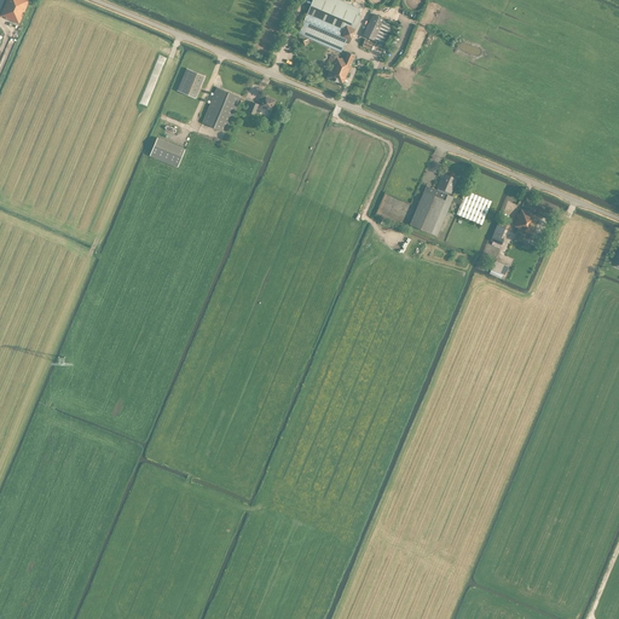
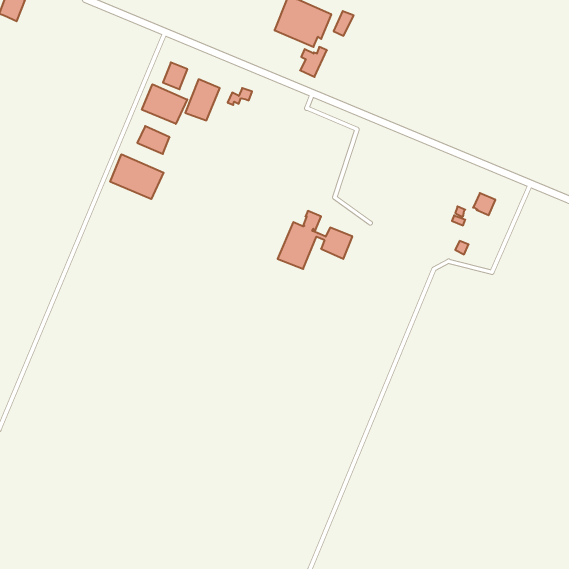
building: none -> [142,84,187,124]
building: none -> [110,154,164,199]
building: [409,172,490,235] -> [278,211,352,269]

